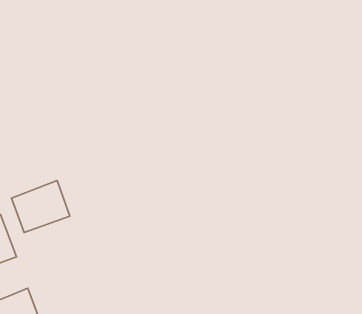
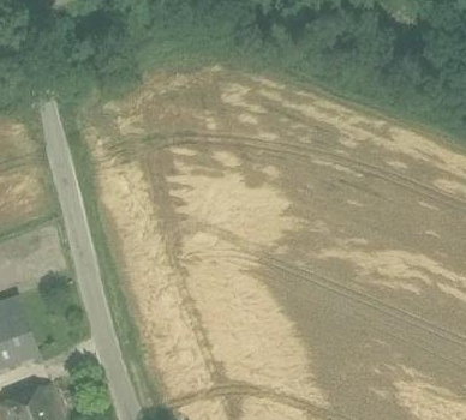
building: [12,181,70,232] -> none

